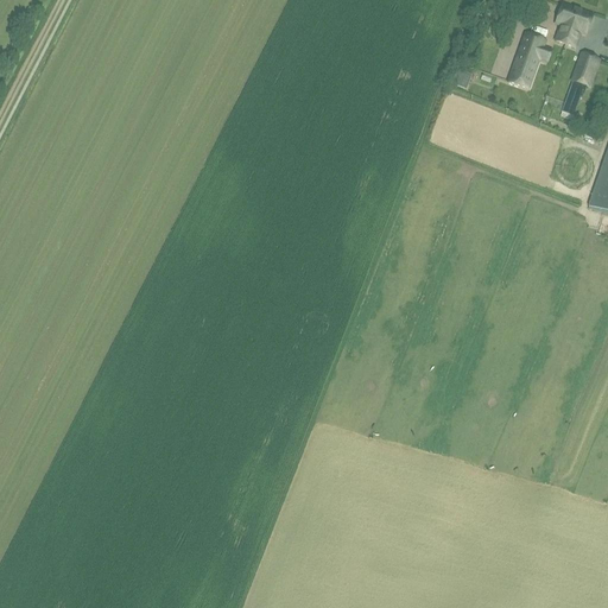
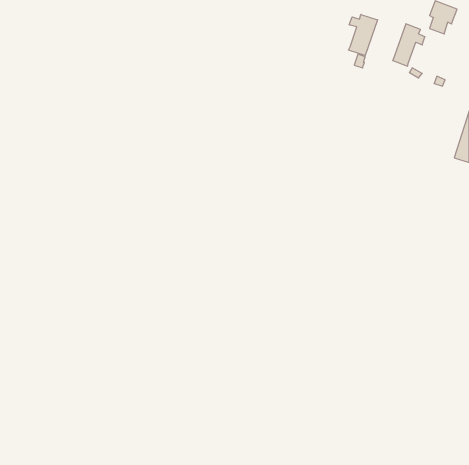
building: none -> [348,14,378,56]
building: [572,51,598,83] -> none

